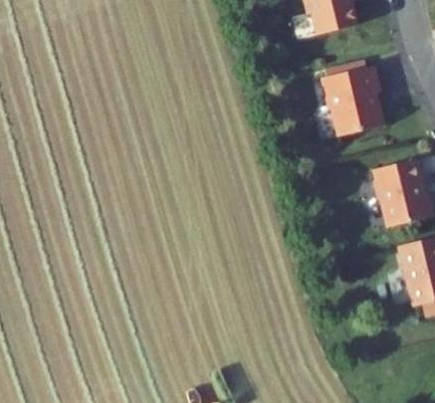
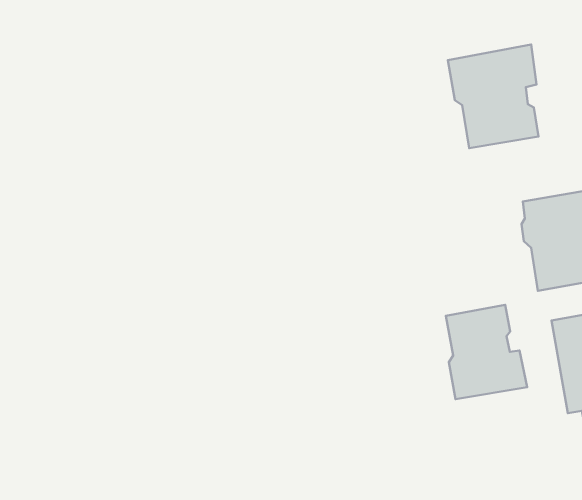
building: none -> [446,305,527,399]

